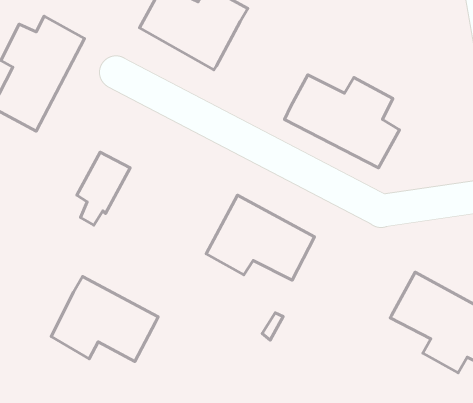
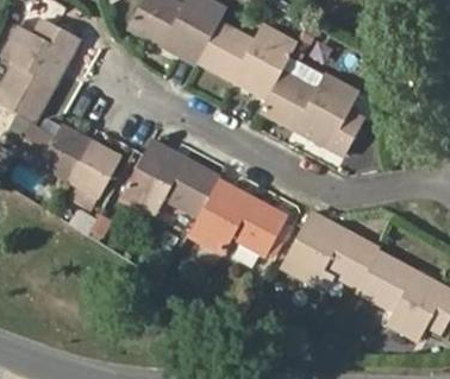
building: none -> [199,21,296,99]
building: none -> [17,121,93,179]
building: none -> [281,213,381,290]
building: [51,276,158,361] -> [123,138,220,215]

